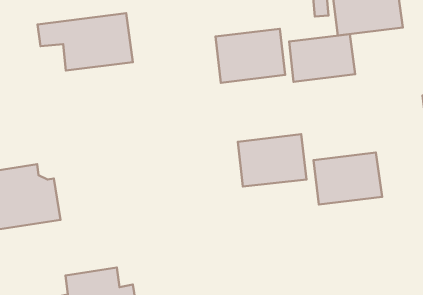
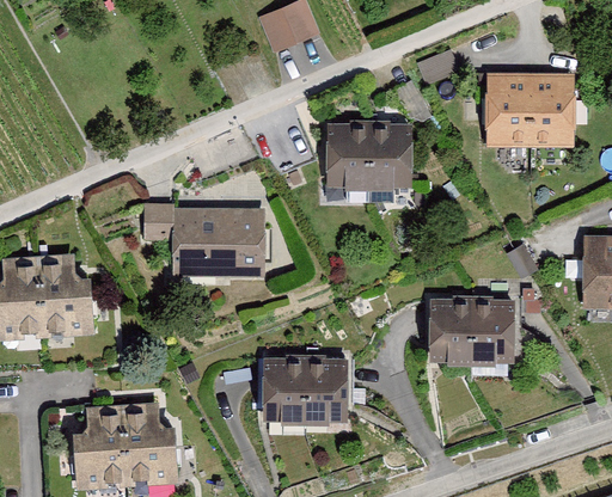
building: [38,13,133,70] -> [143,208,261,274]
building: [289,34,355,82] -> none
building: [238,134,306,186] -> [264,360,349,421]

